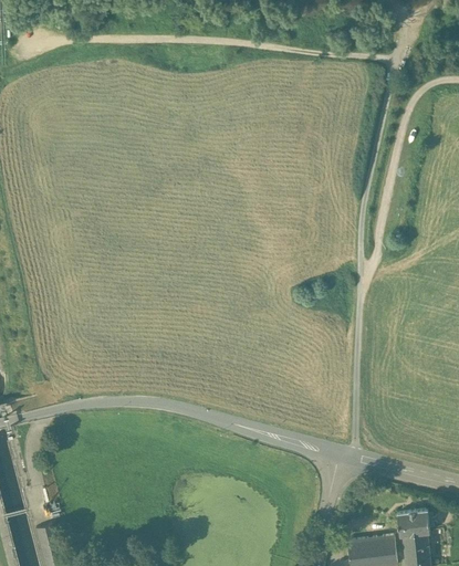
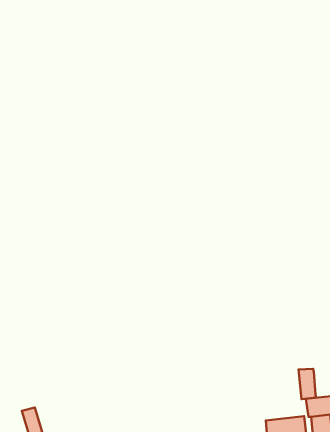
building: none -> [299,369,316,399]

